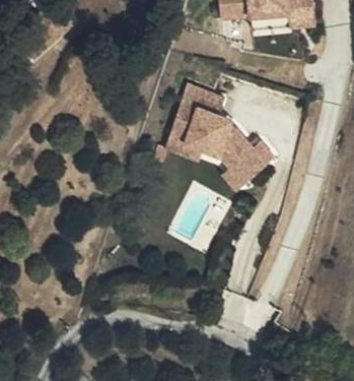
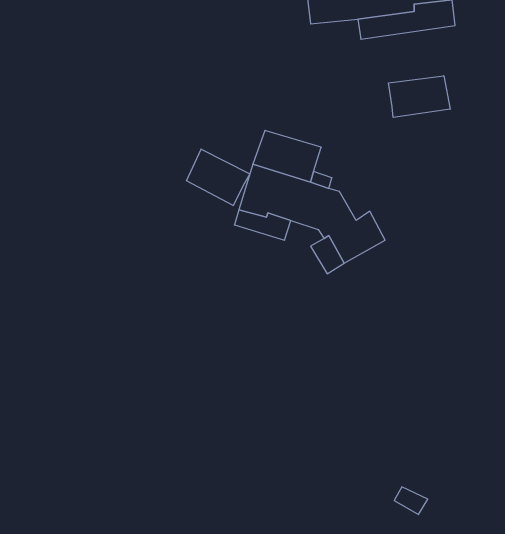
building: none -> [389,76,450,117]
building: none -> [187,149,250,206]

